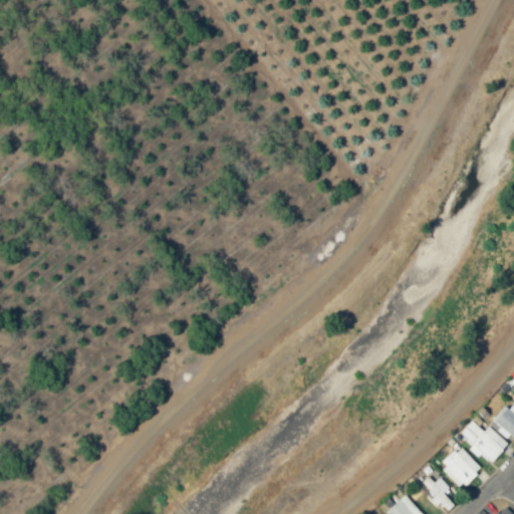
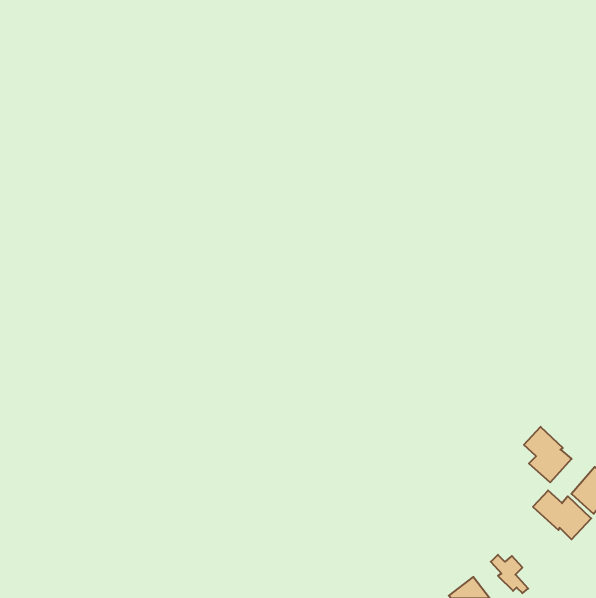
building: none -> [524,427,572,482]
building: [440,446,482,488] -> none

